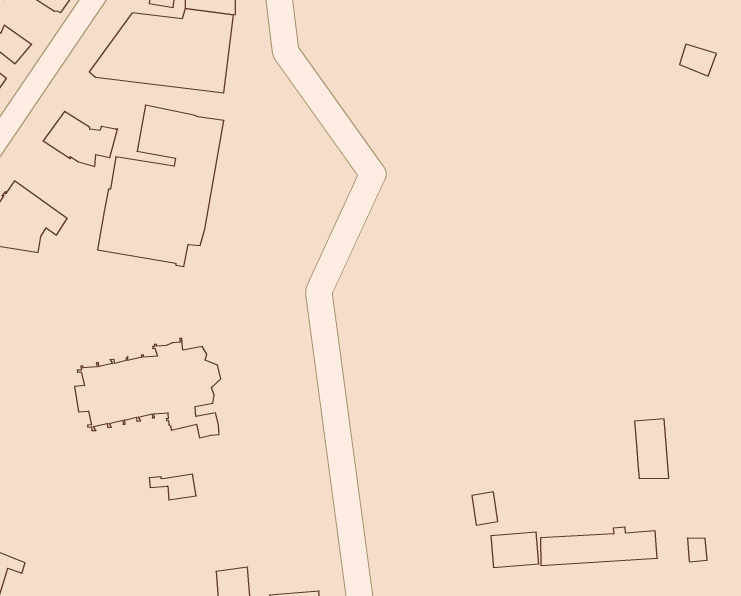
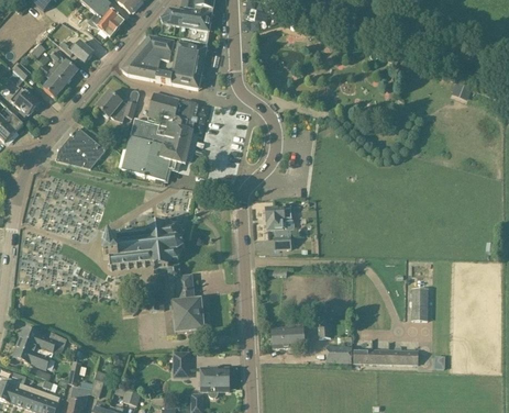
building: none -> [266,204,295,248]
building: none -> [173,272,203,332]
building: none -> [272,325,306,347]

